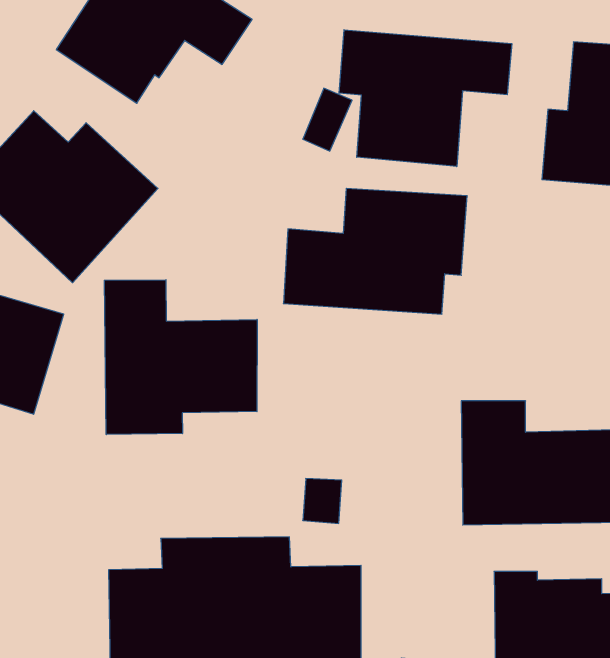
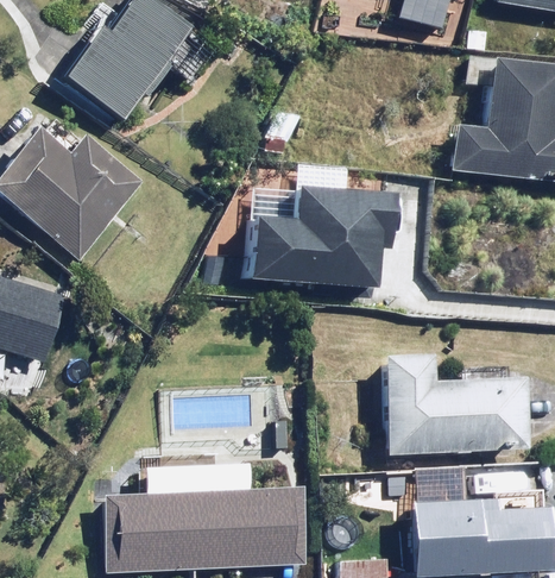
building: [339,30,512,167] -> none
building: [104,280,257,435] -> none

